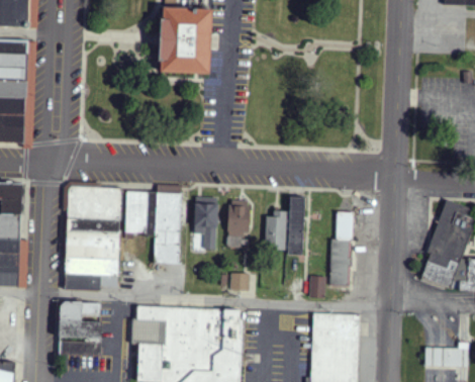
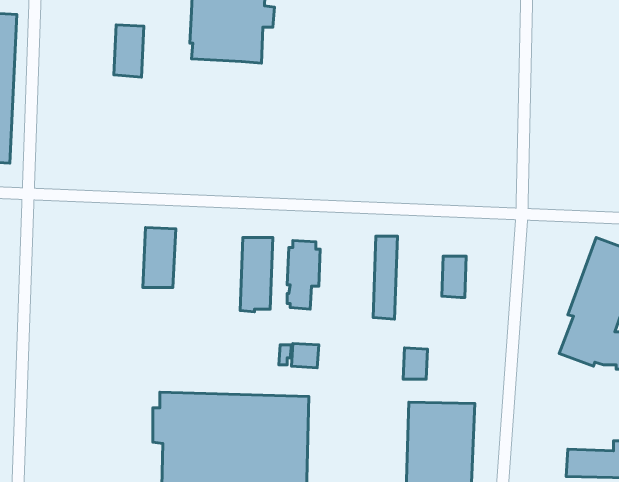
building: none -> [114,25,144,77]
building: [65,186,122,292] -> none
building: [154,191,182,264] -> none
building: [264,211,286,250] -> none
building: [330,240,351,286] -> none
building: [60,301,101,356] -> none

